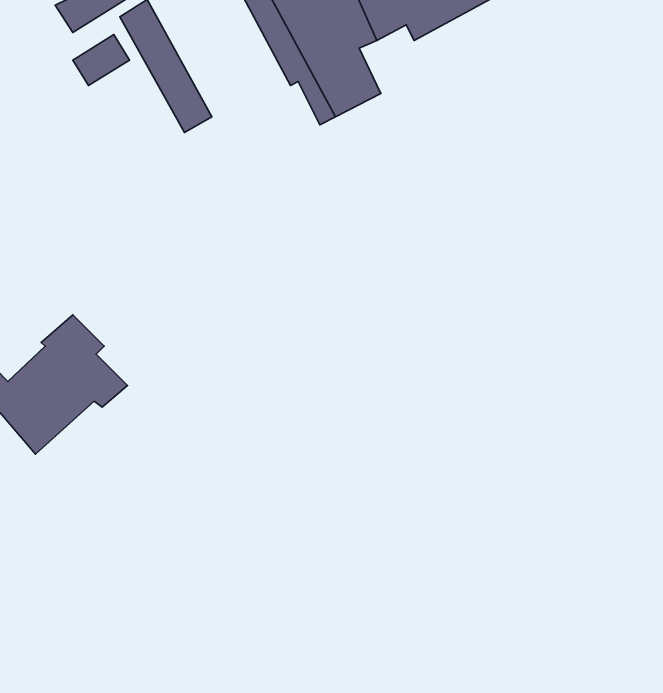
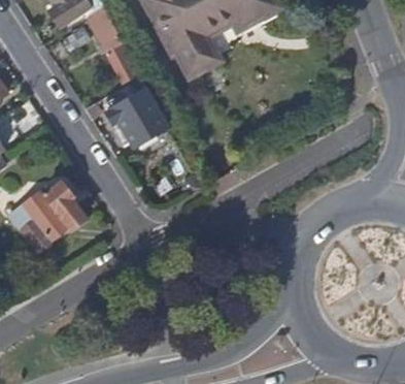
building: none -> [102,74,163,143]

